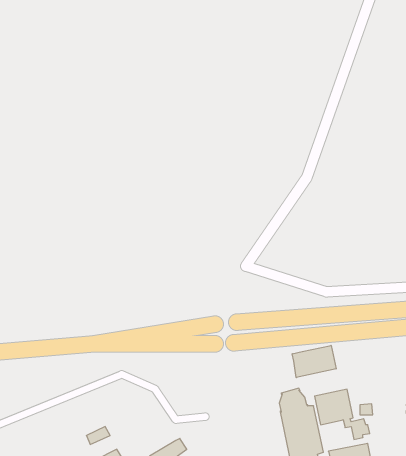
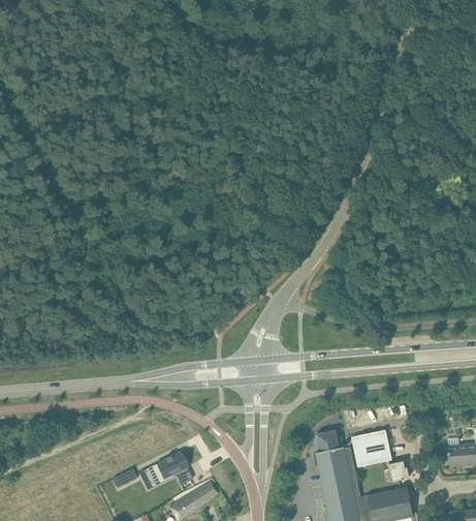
building: [292,345,336,378] -> none
building: none -> [137,452,187,486]

